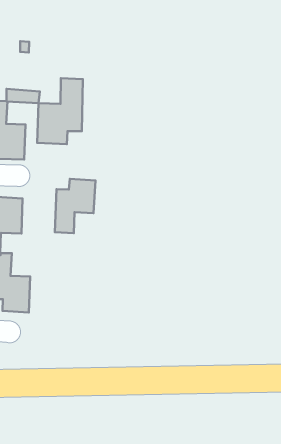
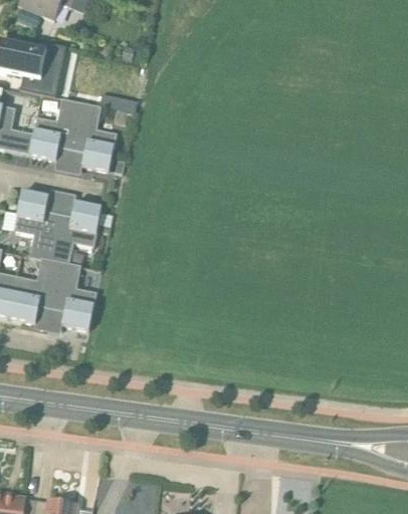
building: [37,78,83,144] -> none
building: [55,179,95,233] -> none

